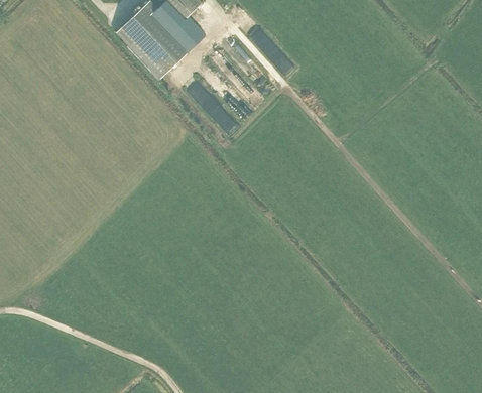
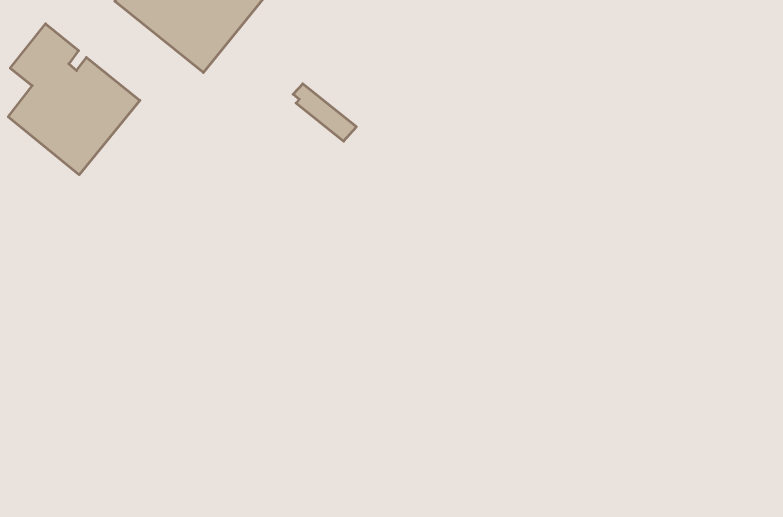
building: none -> [8,24,140,175]

